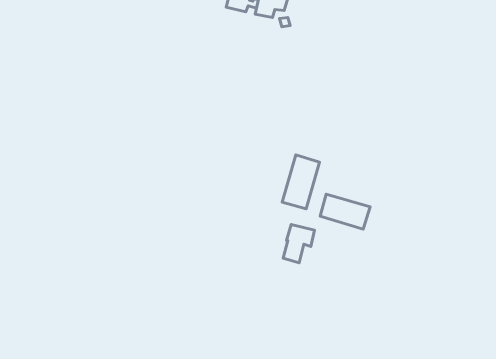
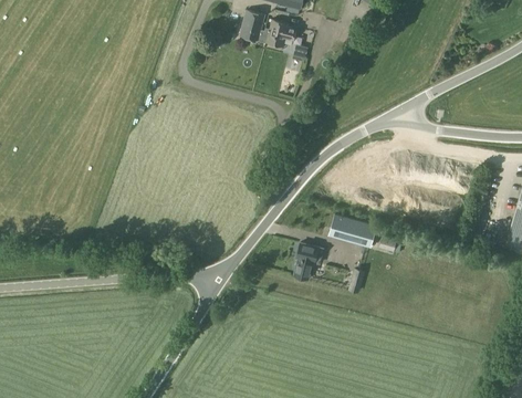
building: [282,155,319,209] -> none

